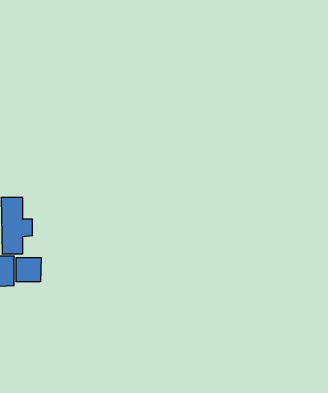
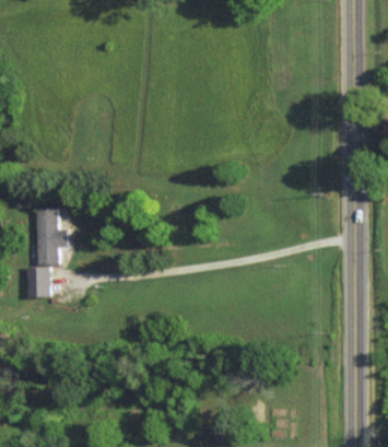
building: [16,258,41,282] -> none

